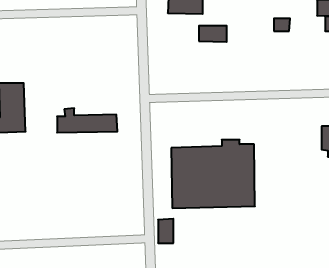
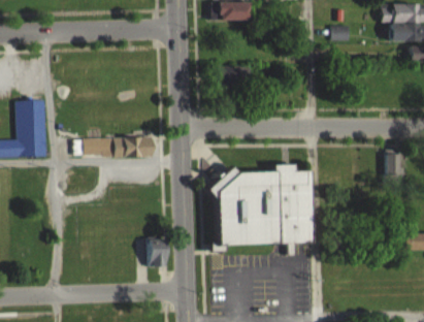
building: [199,26,227,42] -> [219,66,251,85]
building: [158,219,173,243] -> [149,238,166,266]

